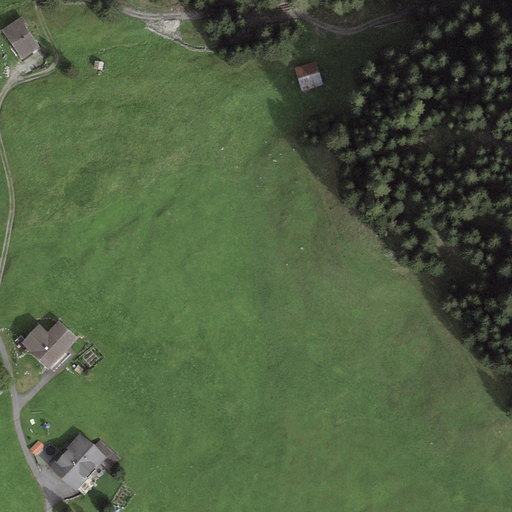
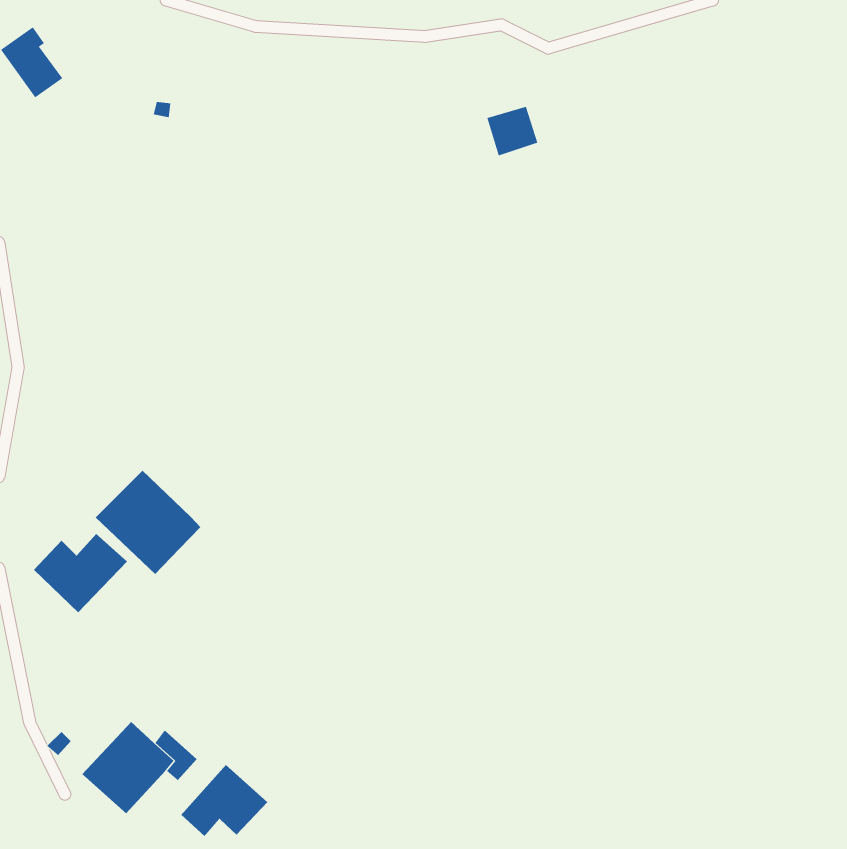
building: none -> [95,470,201,575]
building: none -> [180,764,268,837]

